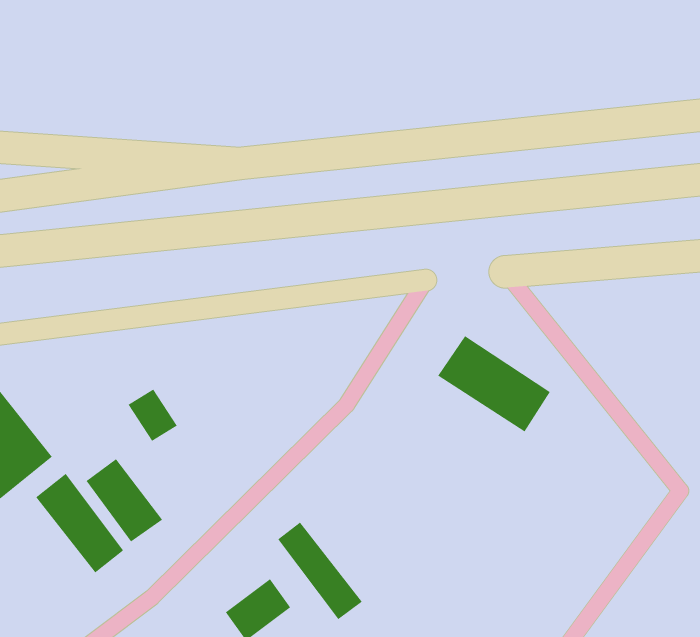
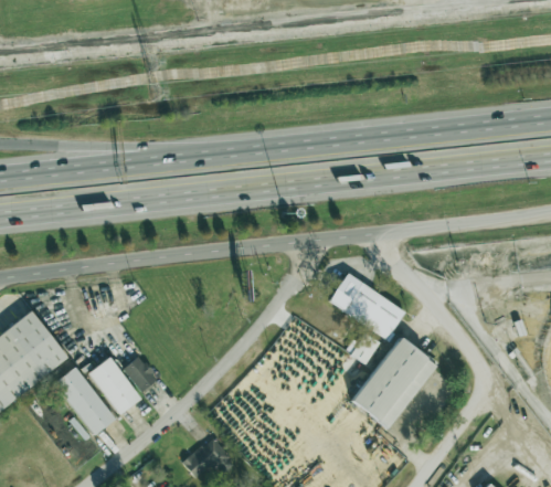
building: [128,388,178,442] -> [124,356,158,392]
building: none -> [352,337,437,428]
building: [277,522,363,620] -> none

